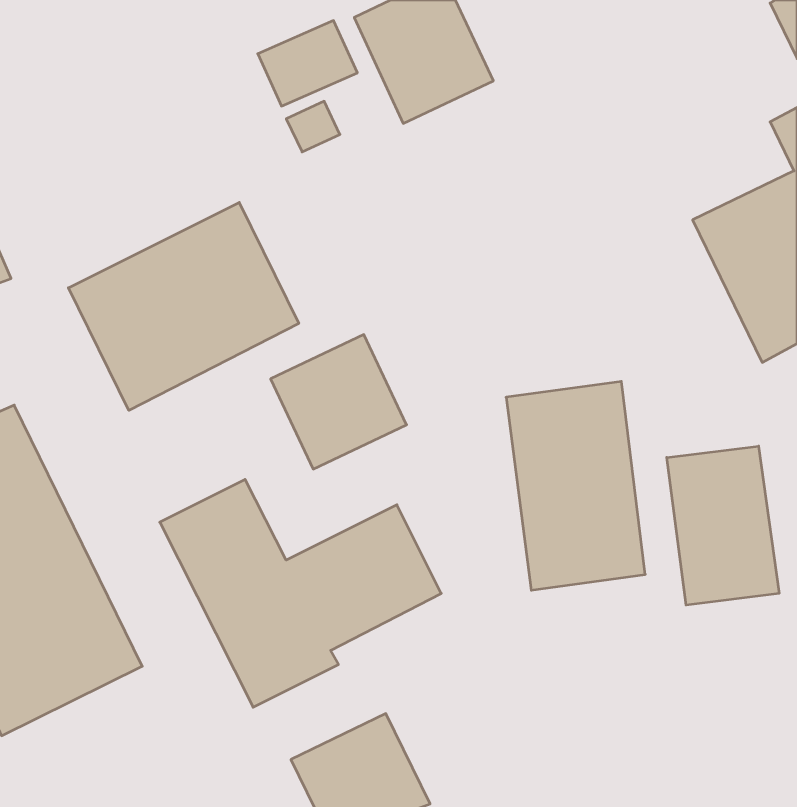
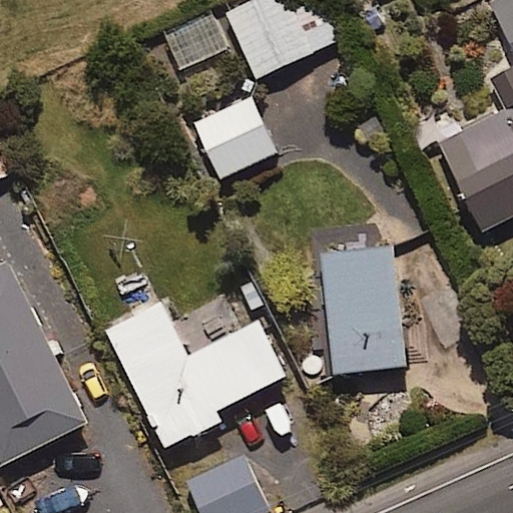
building: [68,202,299,410] -> none
building: [271,335,407,469] -> [192,95,279,180]
building: [667,446,779,605] -> none

